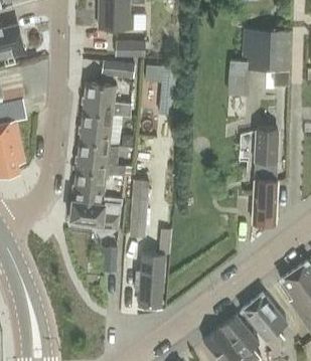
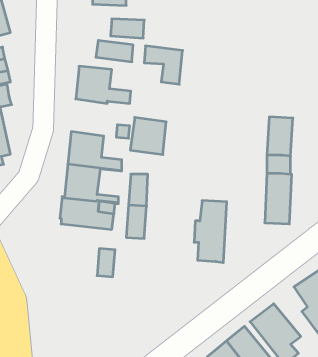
building: [225,30,291,96] -> none
building: [80,113,112,146] -> [130,117,166,155]
building: [135,253,164,309] -> [194,201,227,263]

